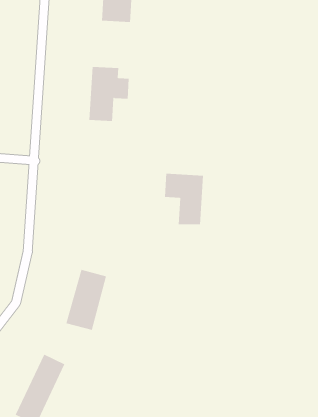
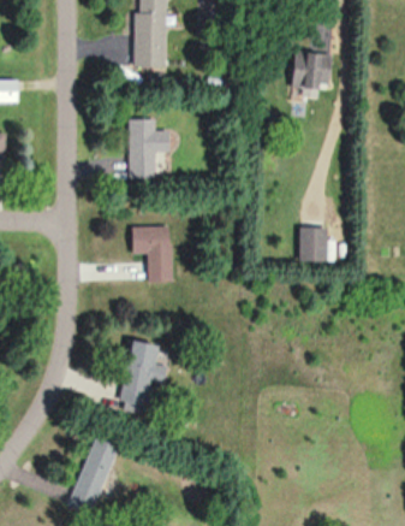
building: none -> [288,54,330,90]
building: [164,173,204,225] -> [131,227,173,283]
building: none -> [299,227,328,262]

